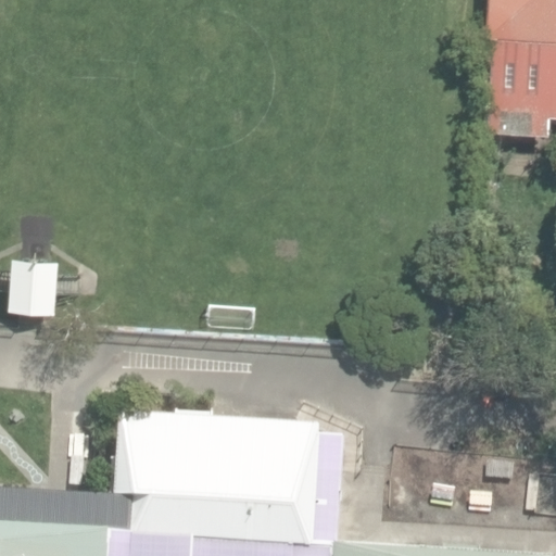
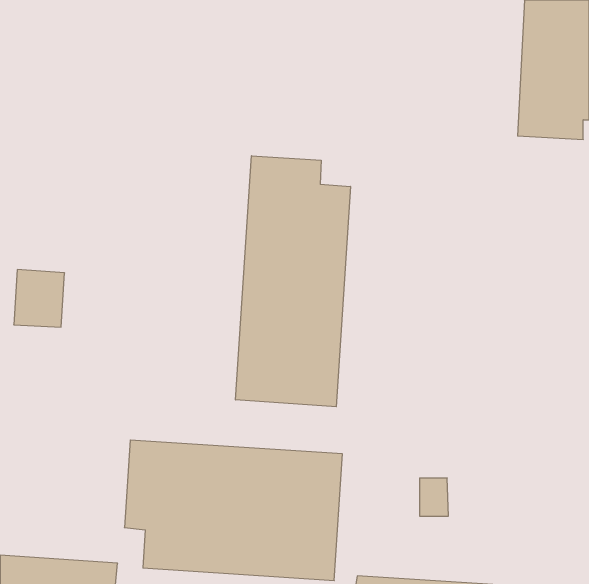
building: none -> [236,156,350,407]

